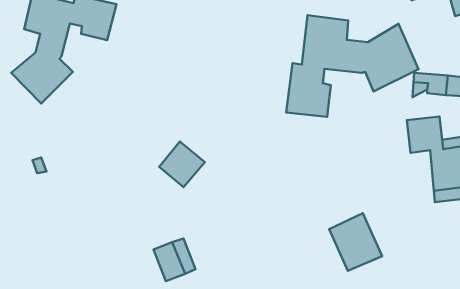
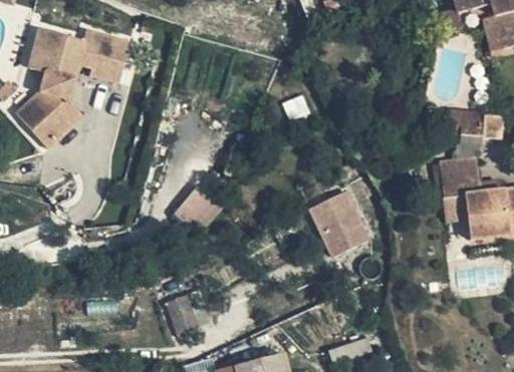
building: [286,15,419,117] -> none
building: [329,213,382,271] -> [308,192,365,254]

